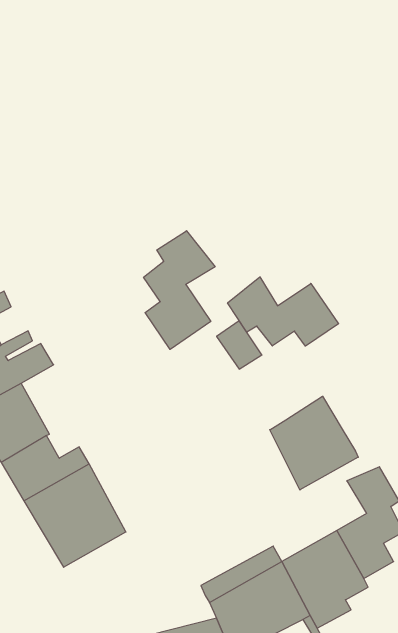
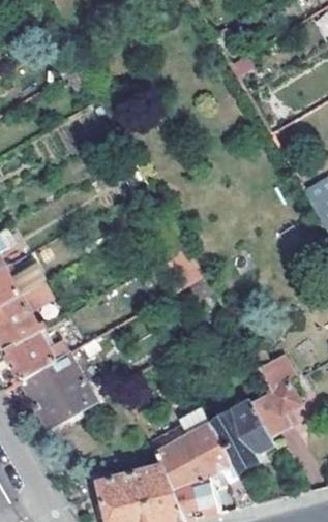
building: [144,231,215,349] -> none
building: [228,277,339,346] -> none
building: [270,396,358,490] -> none

